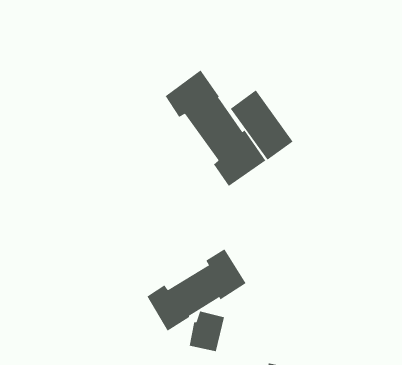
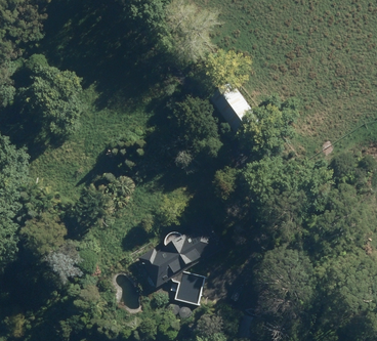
building: [165,69,266,187] -> none

